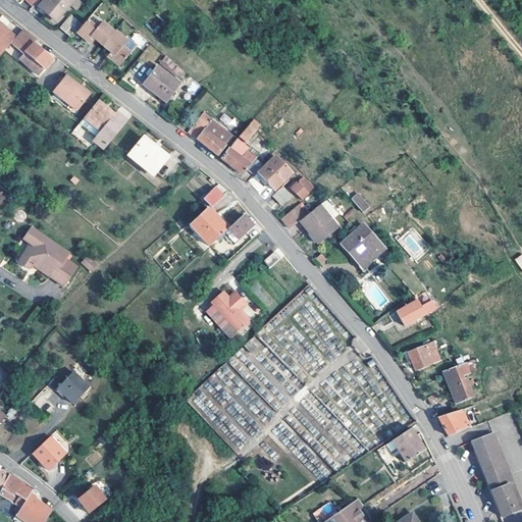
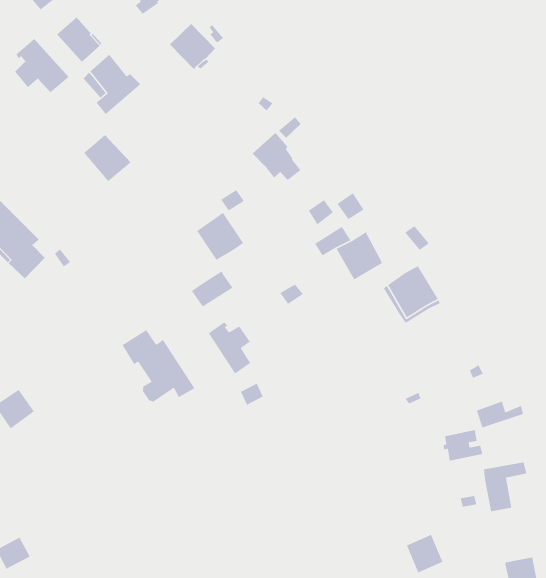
building: none -> [14,38,69,93]
building: [187,112,232,155] -> none
building: [128,138,167,174] -> [83,134,131,182]
building: [259,156,292,190] -> none
building: [221,214,254,246] -> [191,270,233,307]
building: [398,300,435,324] -> [476,400,524,428]
building: none -> [122,329,196,402]
building: [438,410,470,435] -> none

